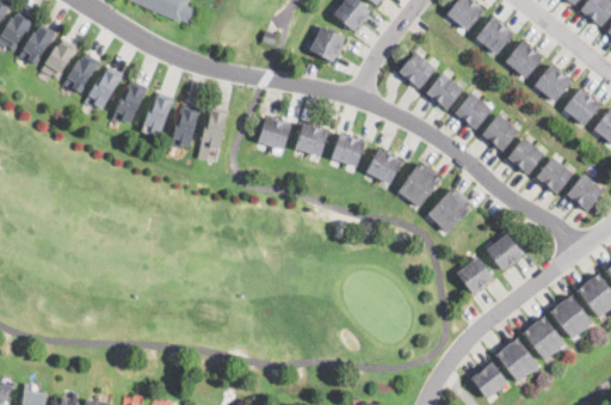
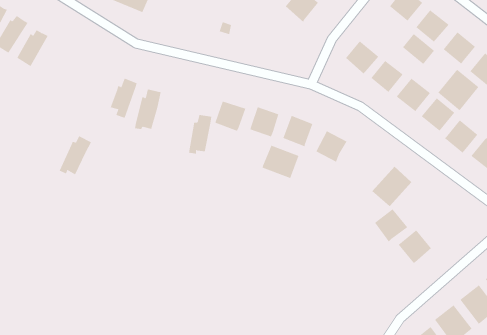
building: [309,26,345,62] -> none
building: none -> [402,33,435,65]
building: [62,51,99,94] -> none
building: [84,67,122,109] -> none
building: [111,81,147,124] -> [59,136,92,175]
building: none -> [437,69,479,111]
building: [199,108,226,151] -> [188,114,212,154]
building: [396,162,439,207] -> none
building: none -> [262,145,299,179]
building: [486,234,523,271] -> [374,209,408,243]

